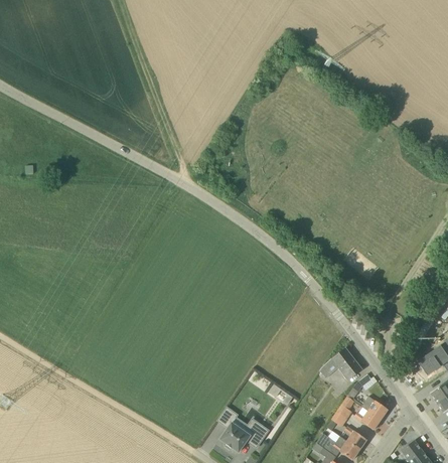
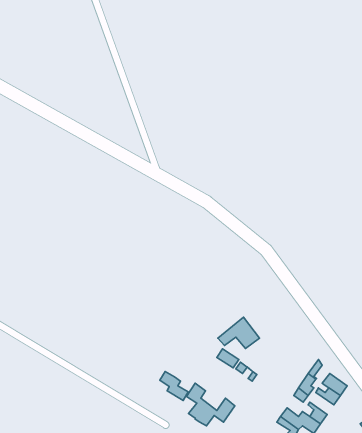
building: [318,347,362,380] -> [218,317,260,348]
building: none -> [160,371,188,400]

